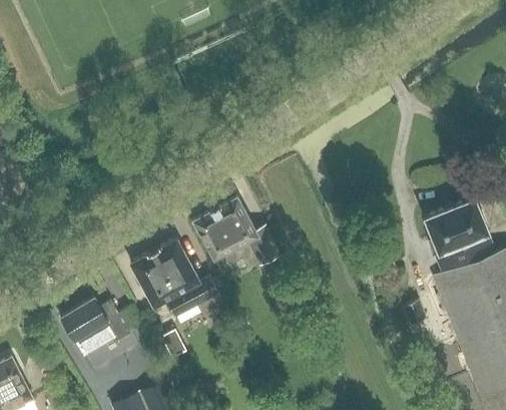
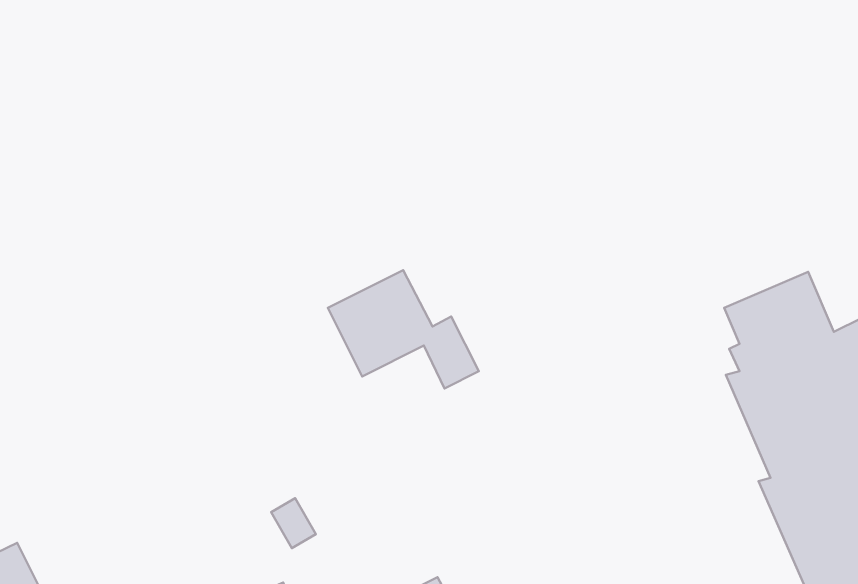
building: [130,239,226,318] -> none
building: [61,301,129,358] -> none

